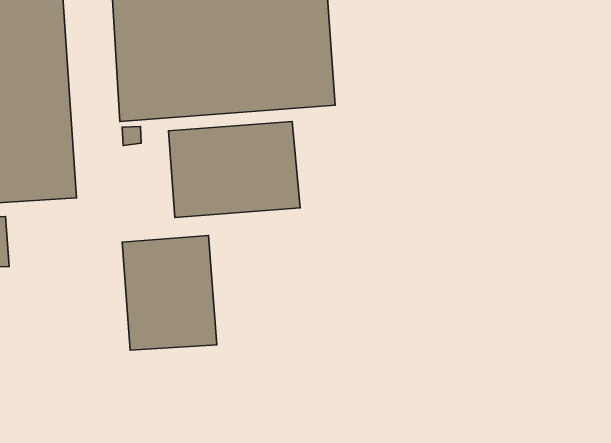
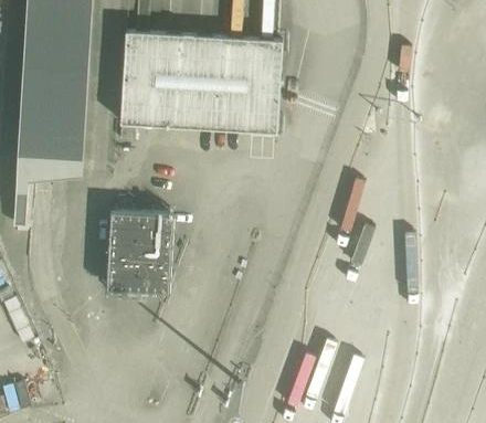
building: [168,121,300,217] -> none

